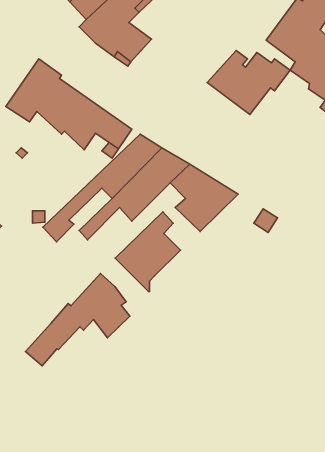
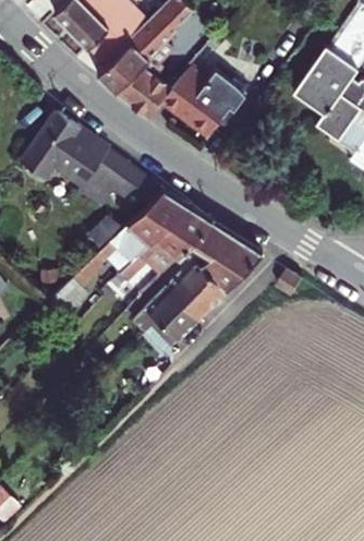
building: [207,51,290,115] -> [161,67,248,134]
building: none -> [184,262,223,311]
building: [25,274,130,366] -> none

